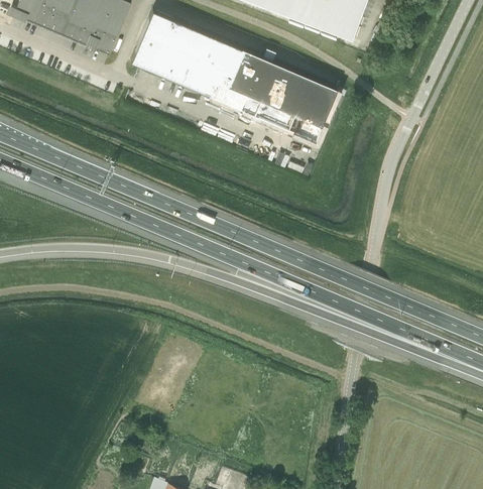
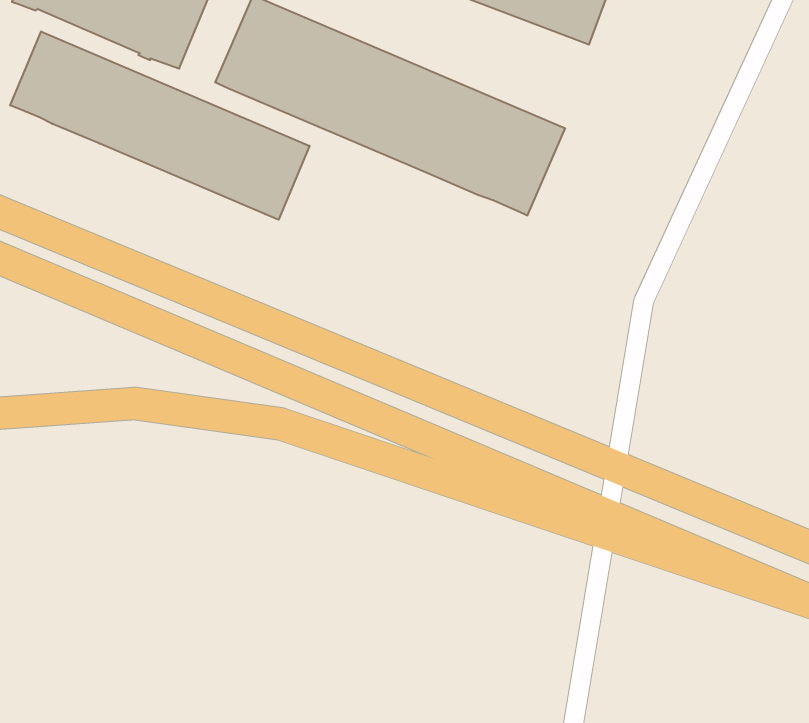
building: none -> [10,31,310,220]

